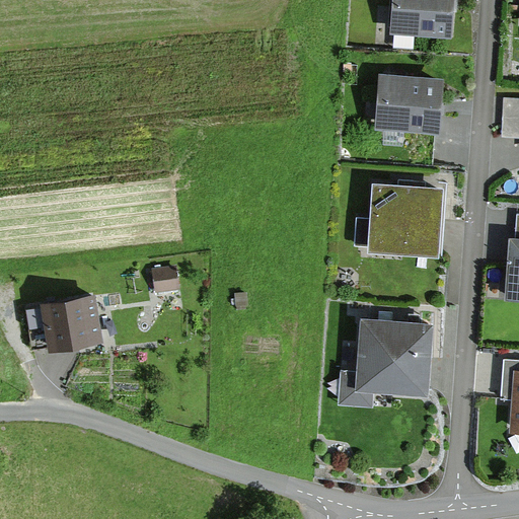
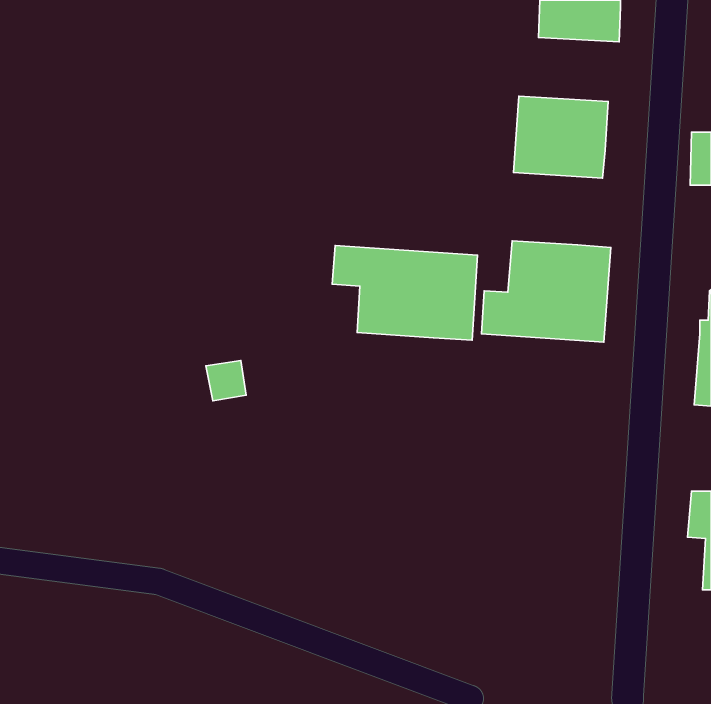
building: none -> [332,246,477,340]
building: [26,292,104,350] -> none
building: [339,318,432,410] -> none

